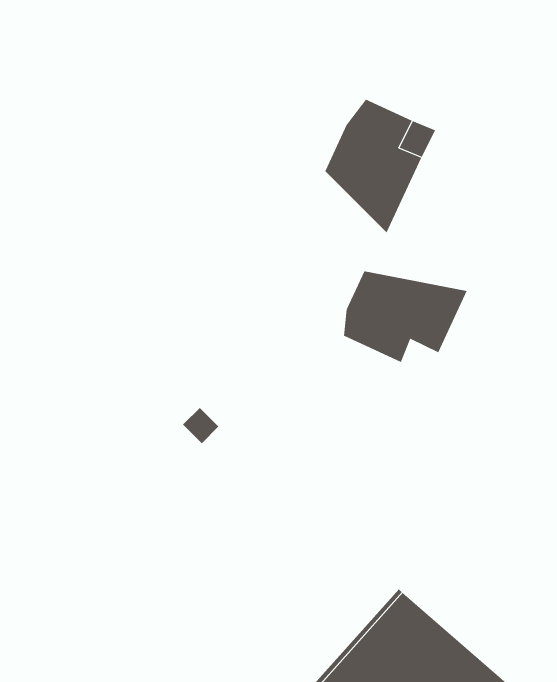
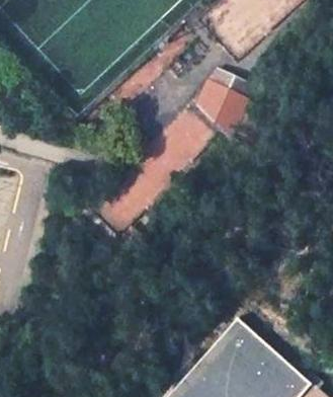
building: [343,271,468,363] -> none

